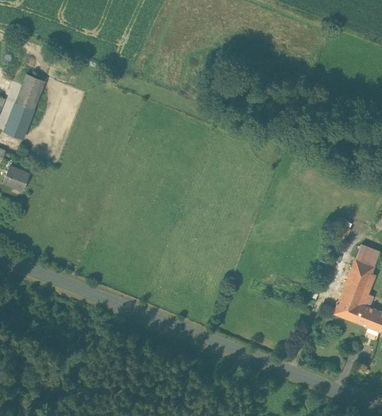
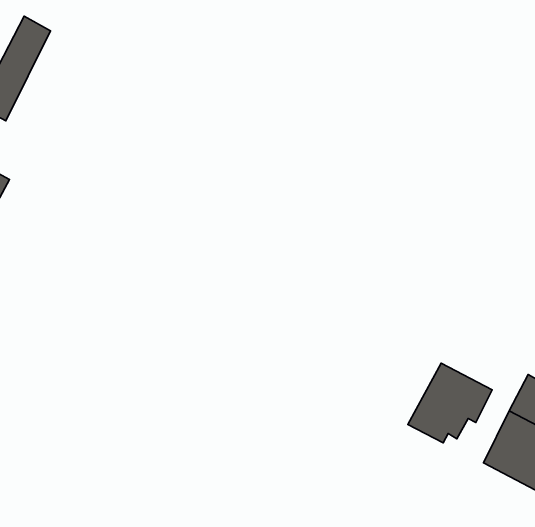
building: none -> [408,363,492,443]

